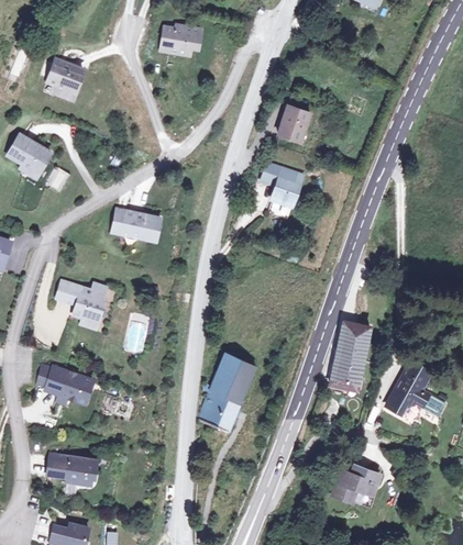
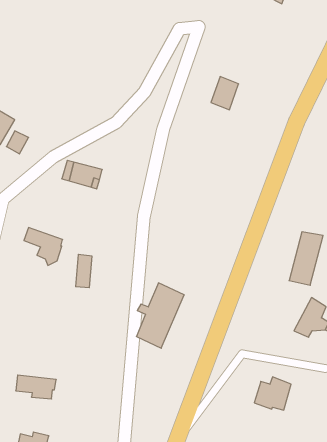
building: [158,25,200,56] -> none
building: [41,57,86,103] -> none
building: [268,164,308,207] -> none
building: [329,323,370,387] -> [289,232,323,285]
building: [45,366,92,403] -> none

